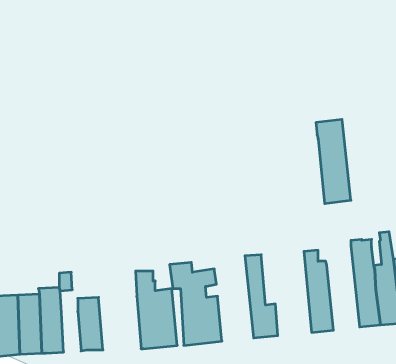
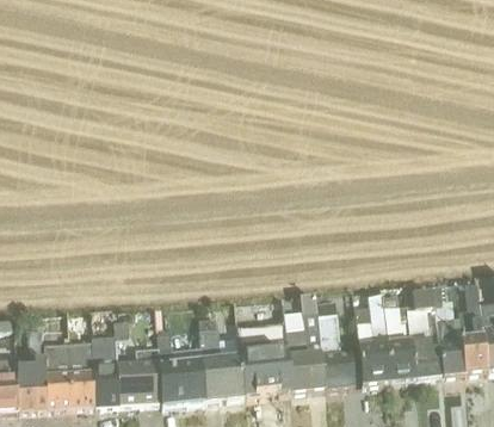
building: [316,119,351,204] -> [405,290,443,382]
building: none -> [284,293,327,394]
building: none -> [354,295,390,386]
building: none -> [154,307,204,407]
building: none -> [117,361,138,406]

